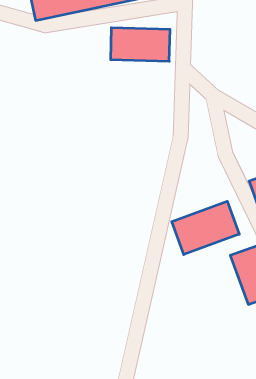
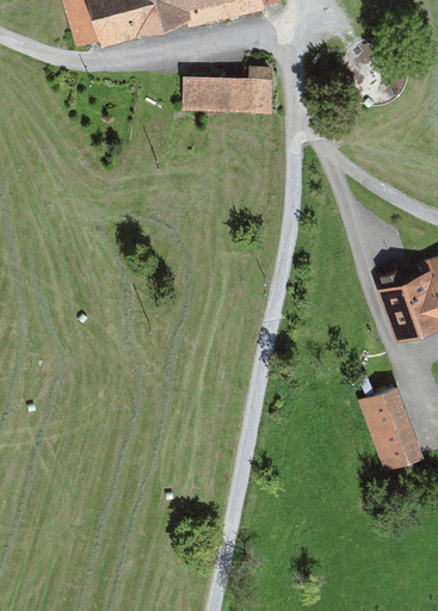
building: [172,201,239,255] -> none

